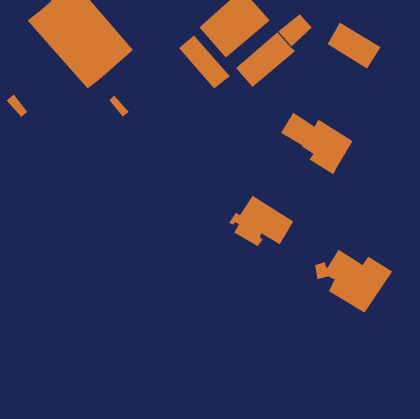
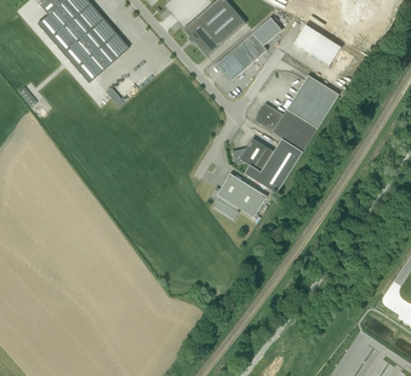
building: [178,34,231,90] -> none
building: none -> [287,74,339,126]
building: [314,249,393,314] -> [233,136,301,192]

